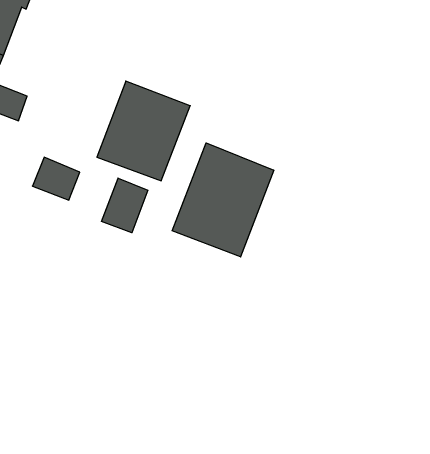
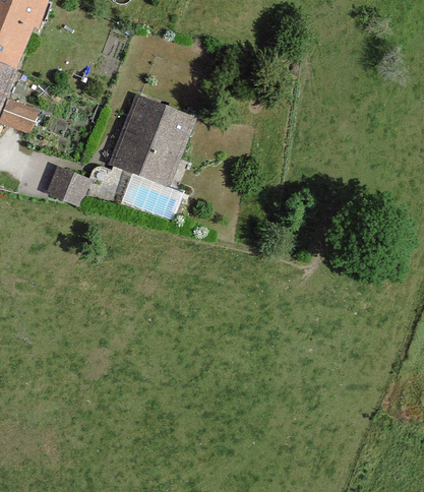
building: [172,143,274,257] -> none
building: [101,178,148,233] -> none

